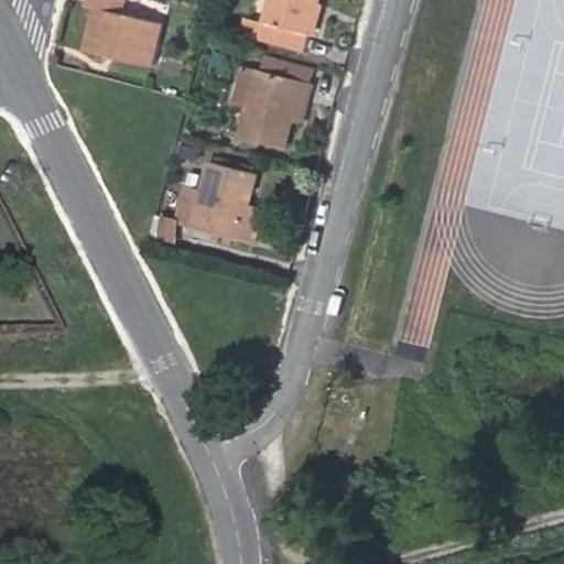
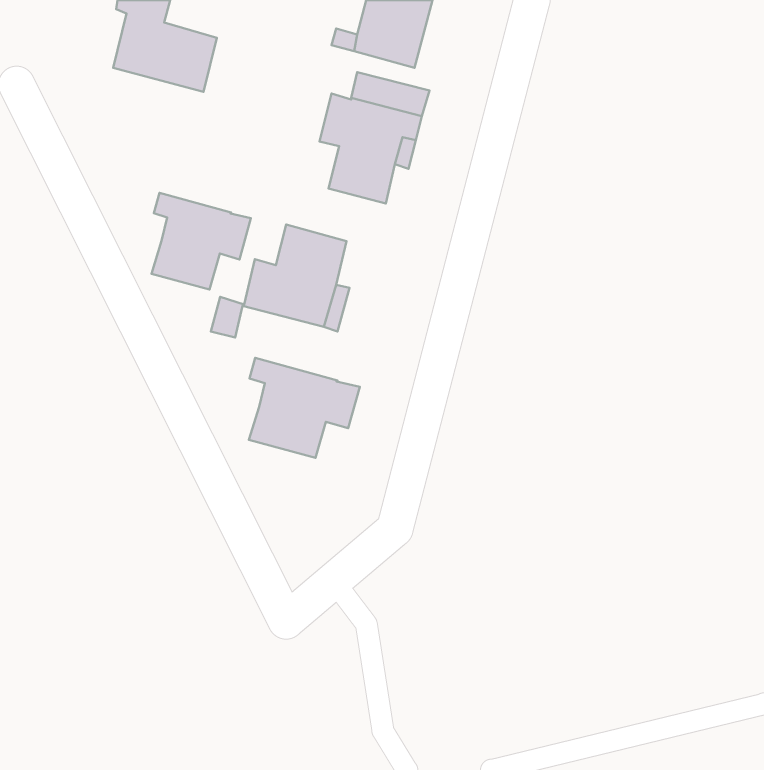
building: none -> [151,193,251,289]
building: none -> [249,358,360,458]

